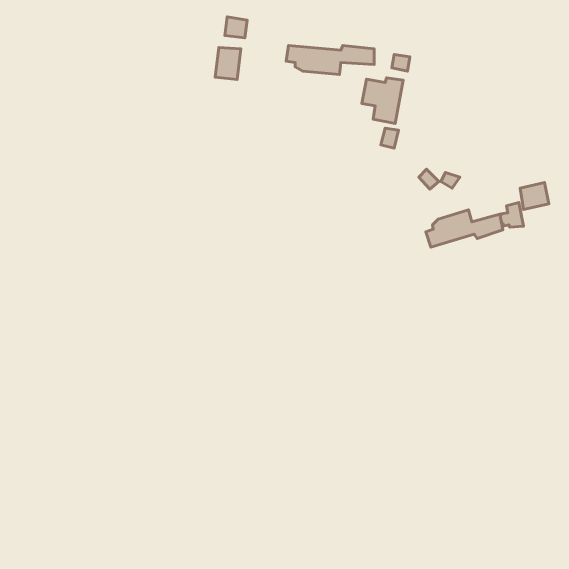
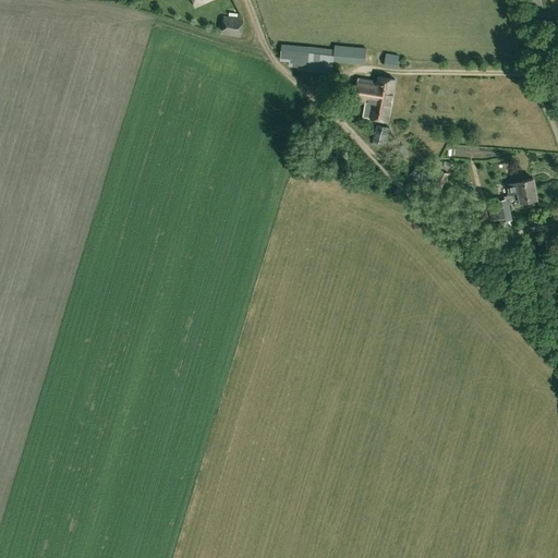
building: [215,48,241,80] -> none
building: [426,210,503,247] -> none

